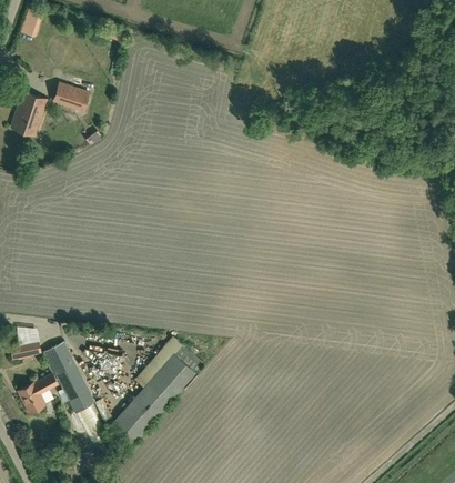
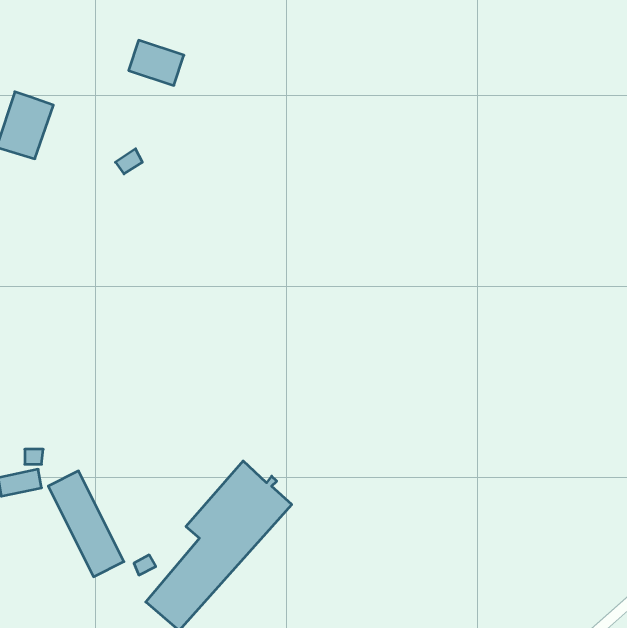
building: [52,82,89,112] -> [129,40,184,85]
building: [18,374,58,412] -> none

